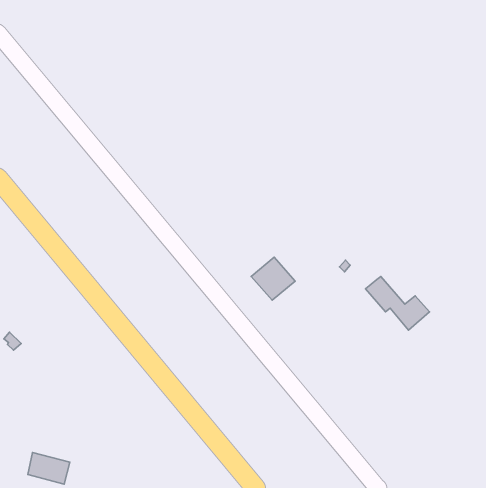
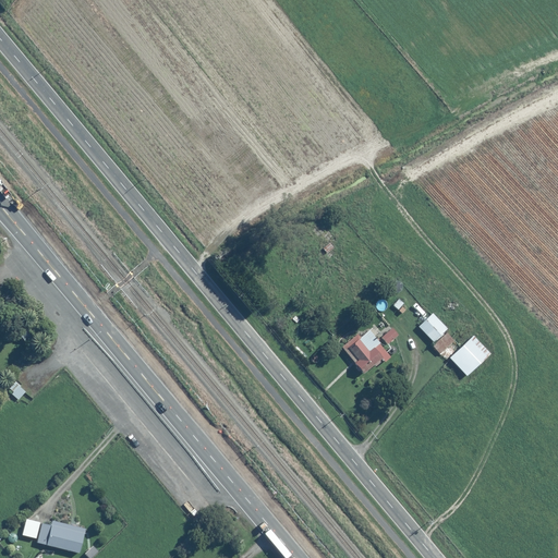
building: [251,257,295,300] -> [343,326,393,375]

